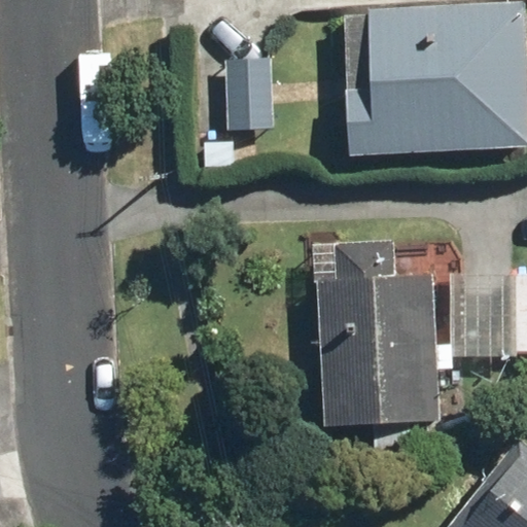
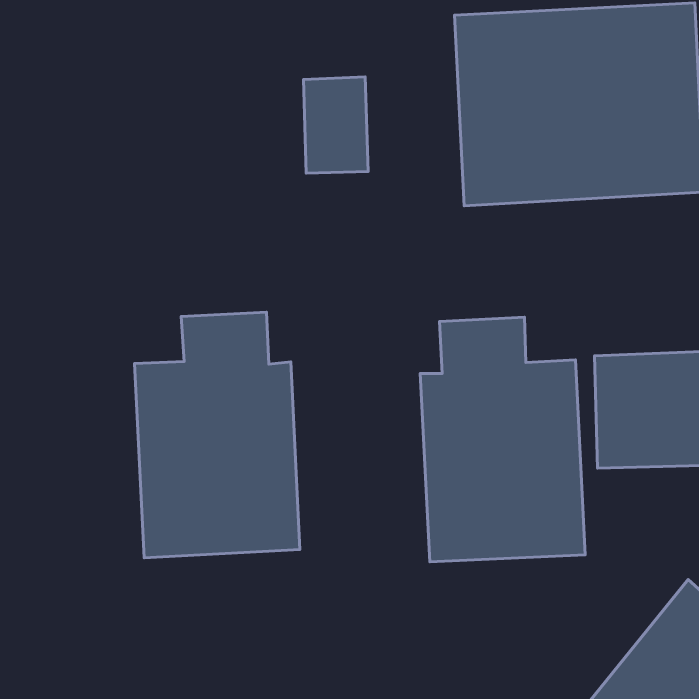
building: none -> [135,312,300,558]

